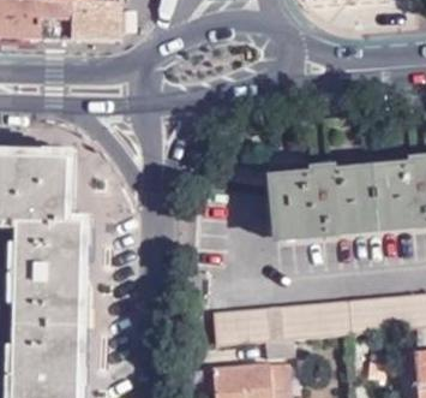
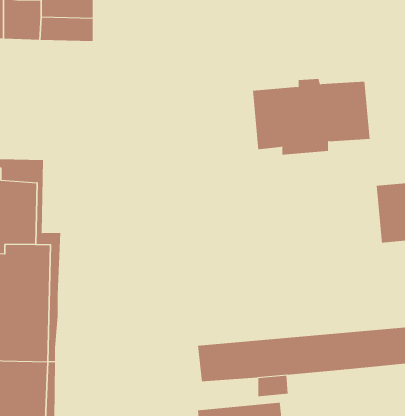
building: [271,167,377,236] -> [252,78,370,155]

